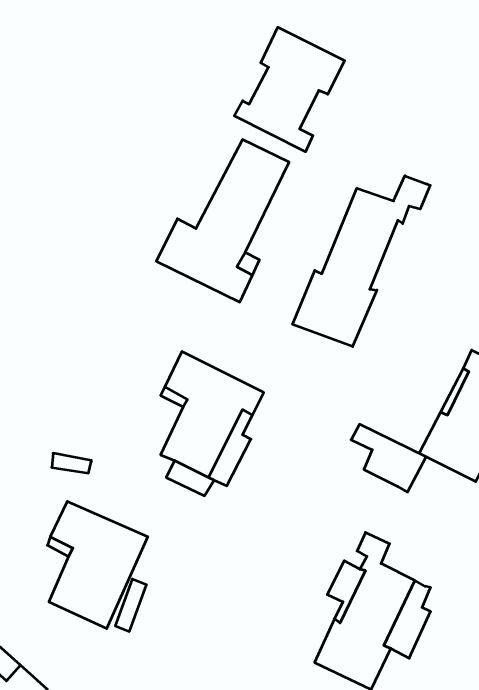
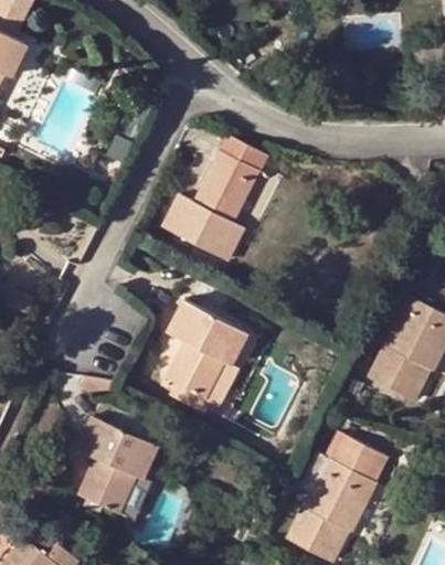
building: [234,27,345,152] -> none
building: [293,176,430,347] -> none
building: [351,424,426,492] -> [329,429,388,482]

